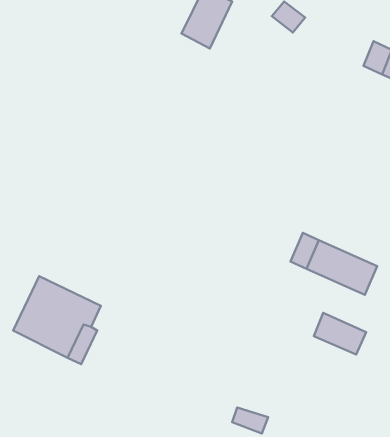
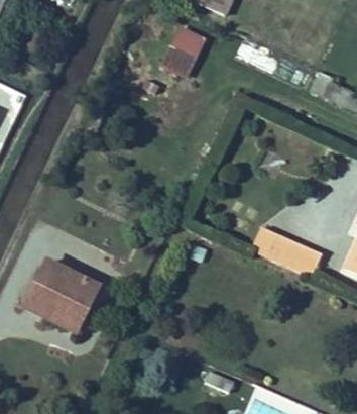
building: [314,313,366,355] -> none

